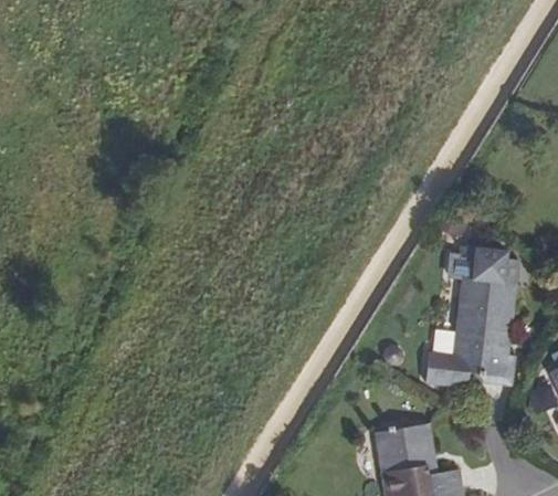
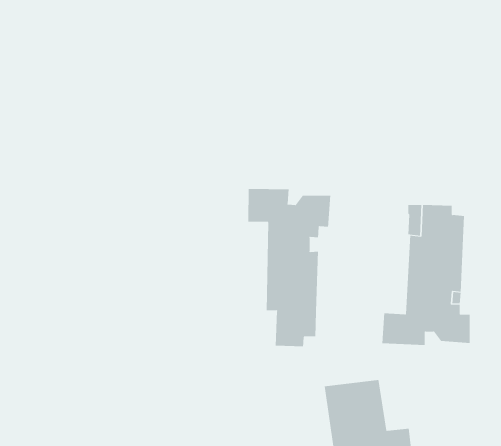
building: none -> [248,188,331,347]

